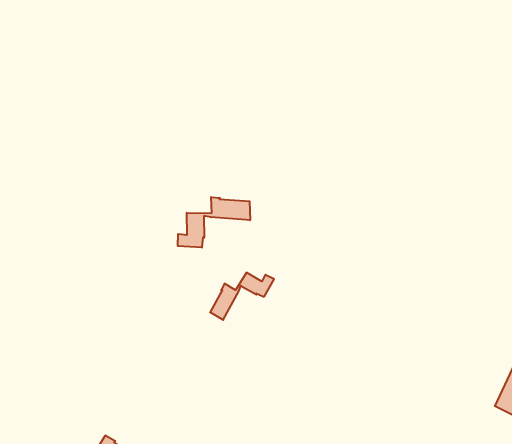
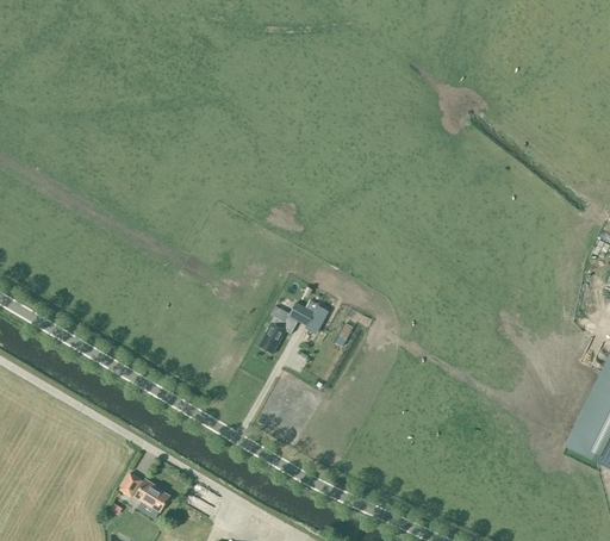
building: [178,197,250,248] -> none

